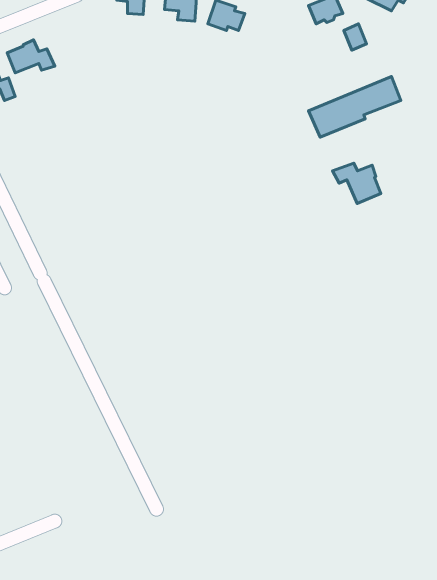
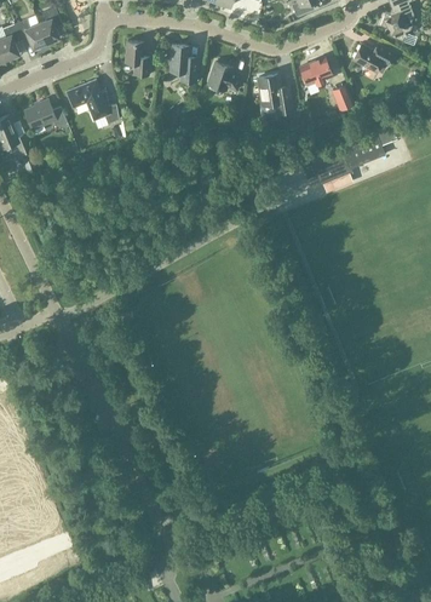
building: none -> [259,75,293,115]
building: none -> [67,80,119,125]
building: [332,163,381,203] -> none

